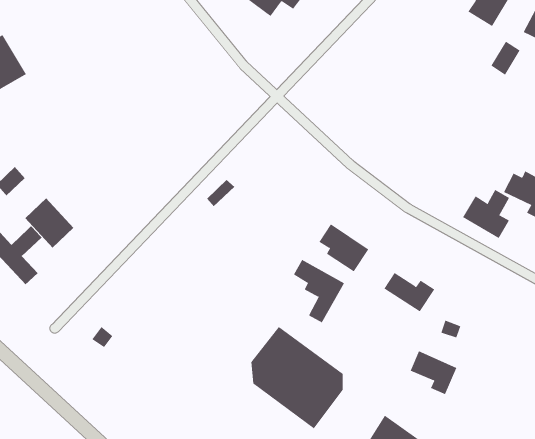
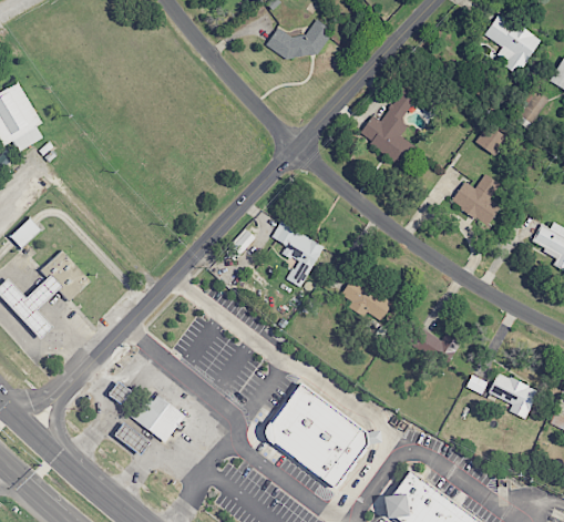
building: none -> [357,90,419,167]
building: none -> [474,124,506,155]
building: [462,189,510,239] -> [450,174,499,225]
building: [293,259,345,323] -> [270,222,324,287]
building: none -> [132,390,185,442]
building: [410,350,457,395] -> [488,372,536,418]
building: none -> [113,423,148,454]

